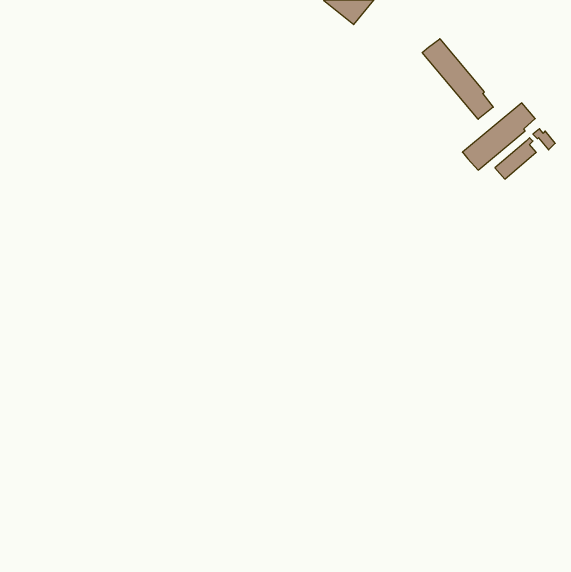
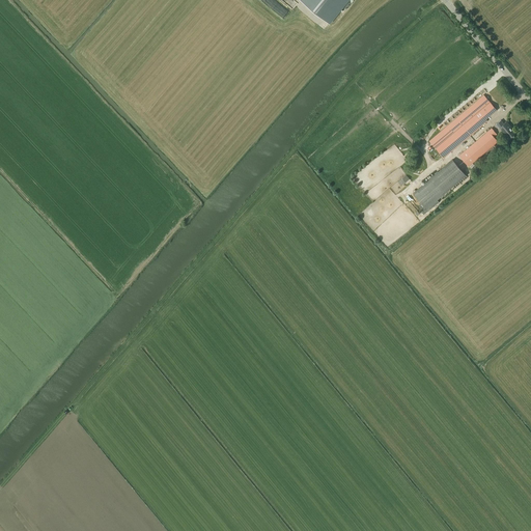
building: [422,39,493,119] -> none
building: none -> [412,160,467,211]

